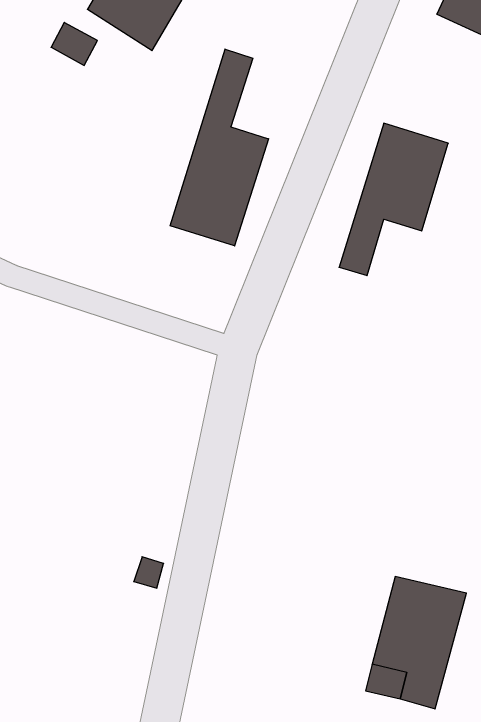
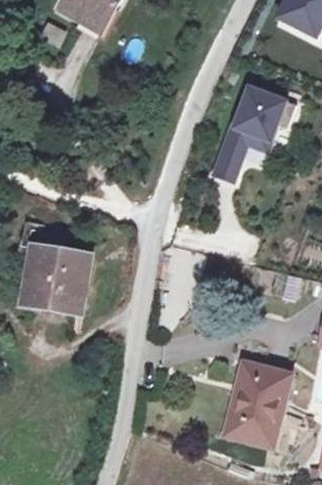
building: [170,49,269,246] -> none
building: none -> [25,227,93,309]

